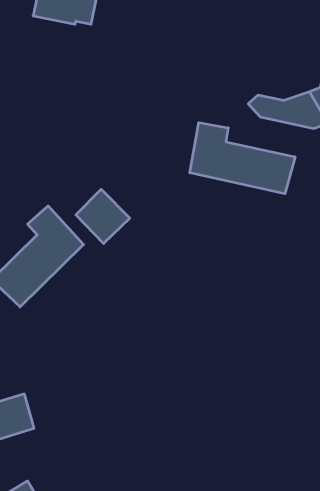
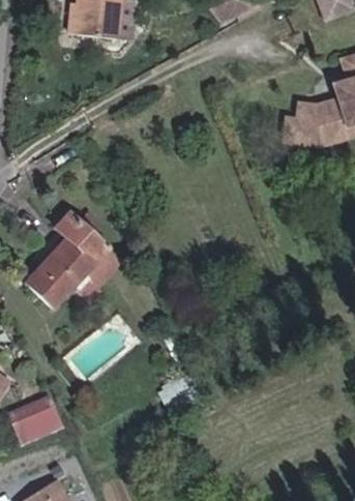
building: [190,123,295,194] -> none
building: [76,189,130,244] -> none

